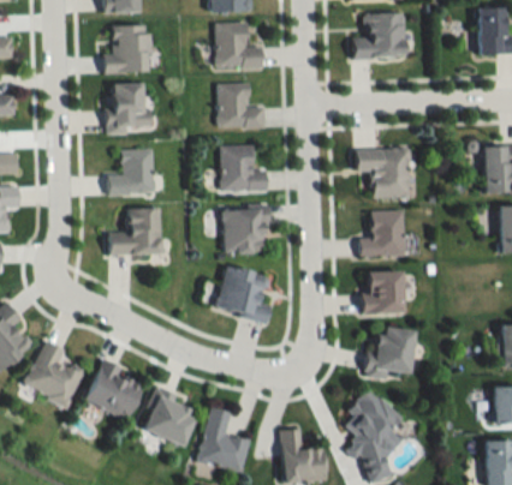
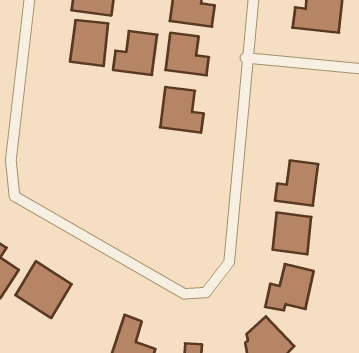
building: [108,148,153,193] -> [113,31,157,75]
building: [356,148,410,198] -> none
building: [108,205,160,255] -> none
building: [224,209,267,252] -> none
building: [216,265,270,318] -> none
building: [138,387,200,445] -> none

